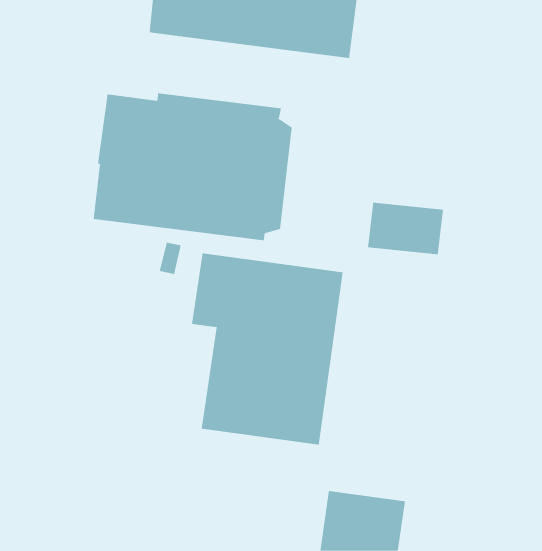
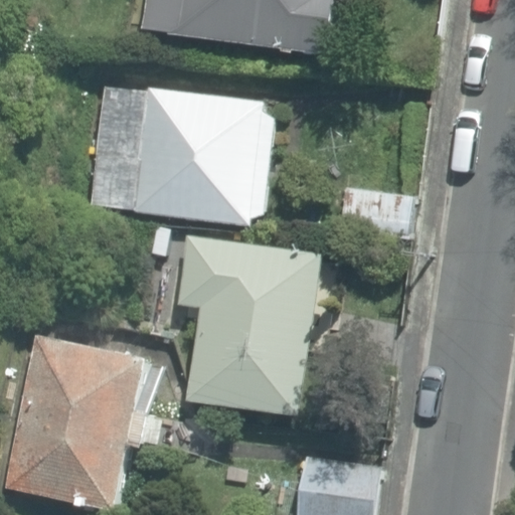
building: none -> [7,337,153,508]

